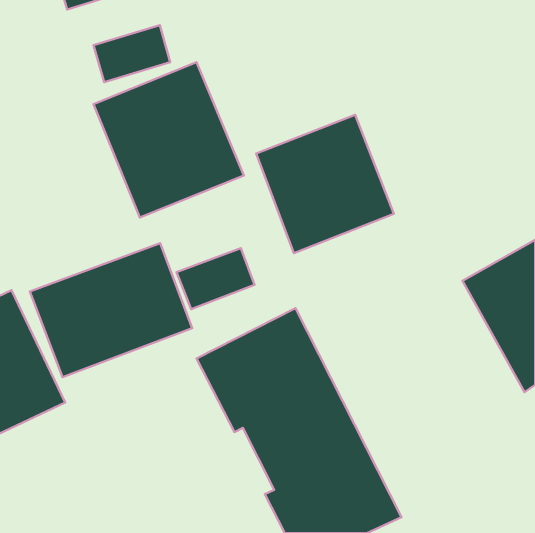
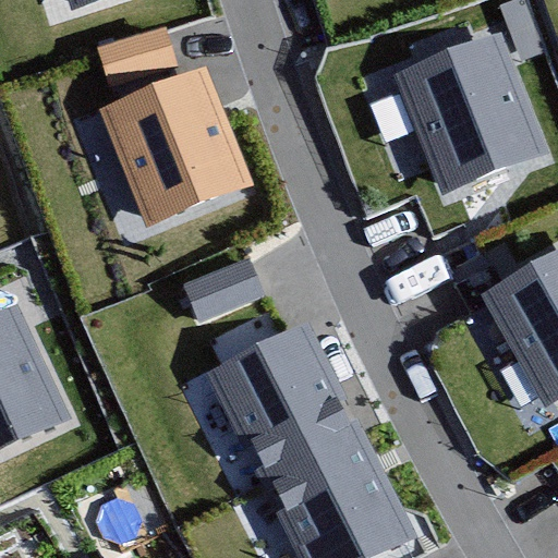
building: none -> [391,31,549,196]
building: [256,115,394,253] -> none
building: [30,243,192,377] -> none

